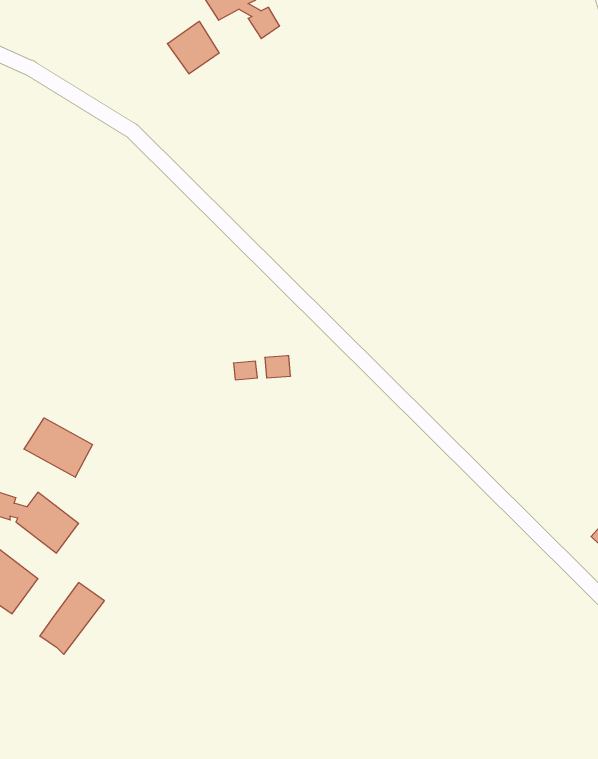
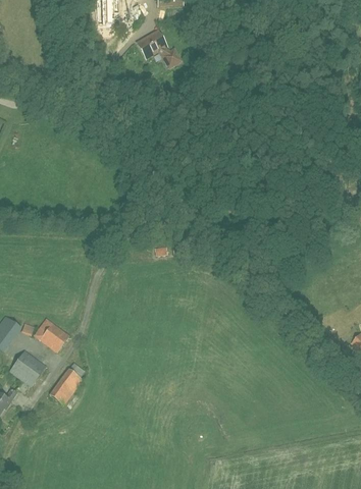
building: [167,21,219,74] -> none
building: [24,418,93,477] -> none

